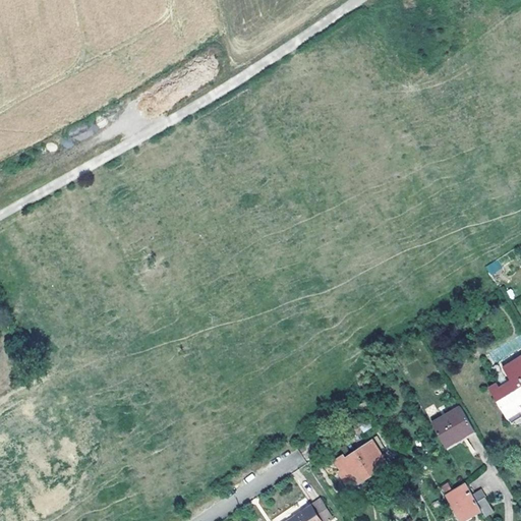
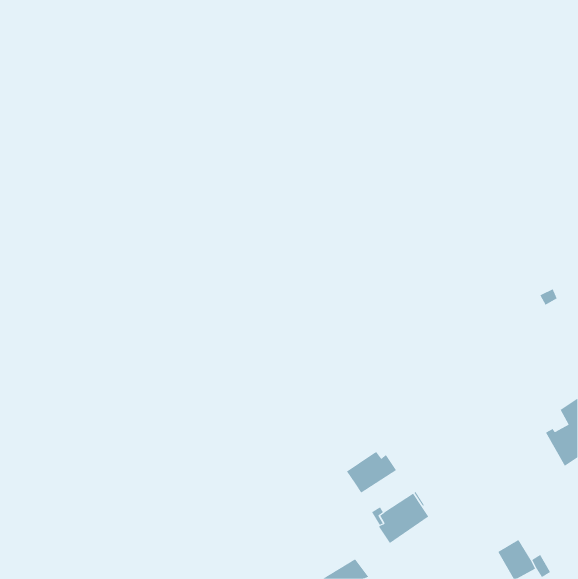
building: none -> [346,451,397,494]
building: [429,405,473,448] -> none

